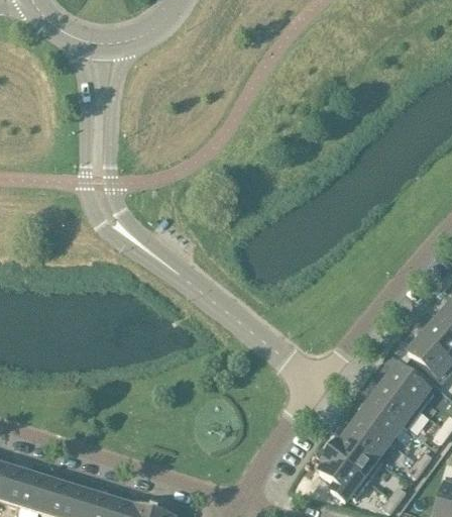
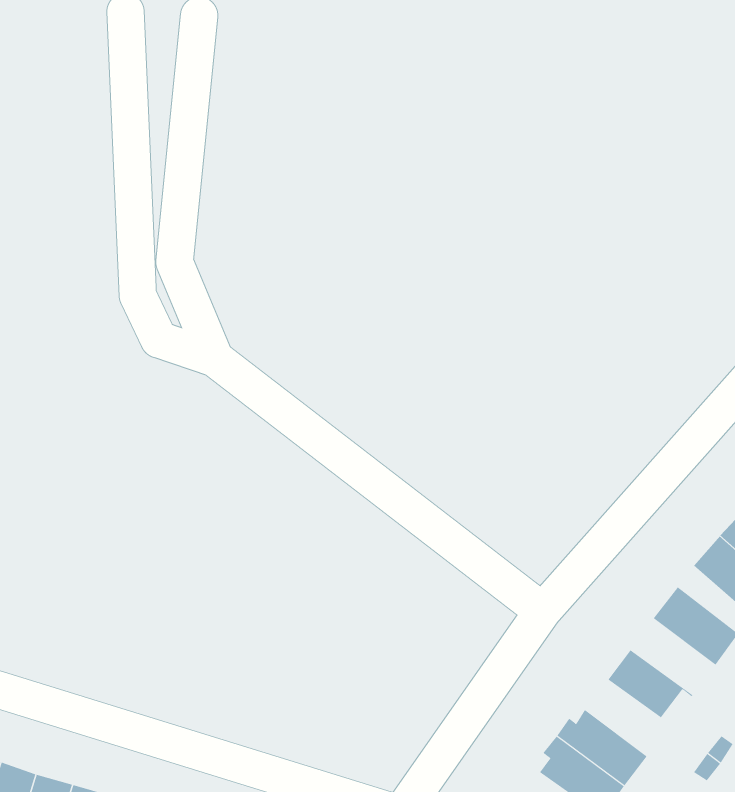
building: [370,381,420,425] -> none
building: [344,416,393,460] -> none

